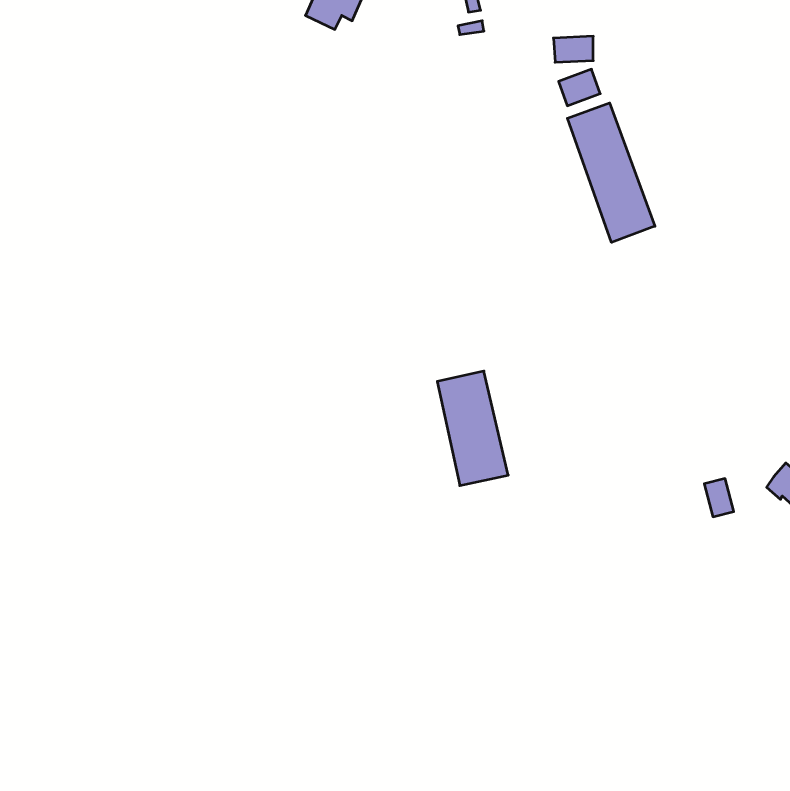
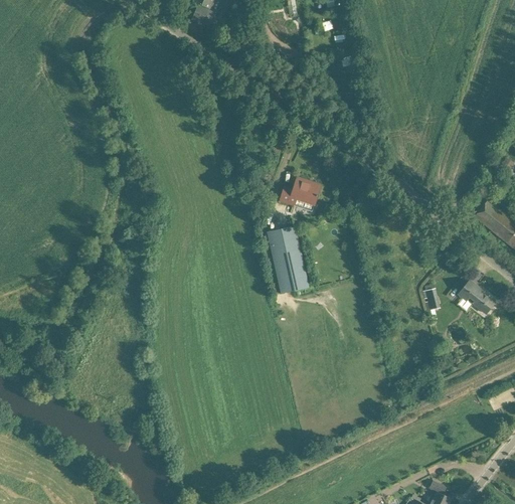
building: [567,103,655,242] -> none
building: none -> [279,176,320,204]

